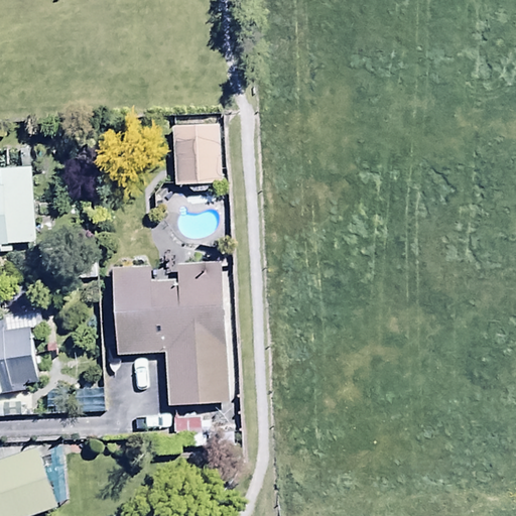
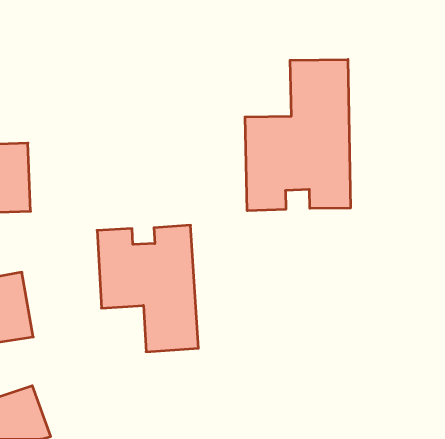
building: none -> [245,59,350,211]
building: [173,124,221,184] -> none

